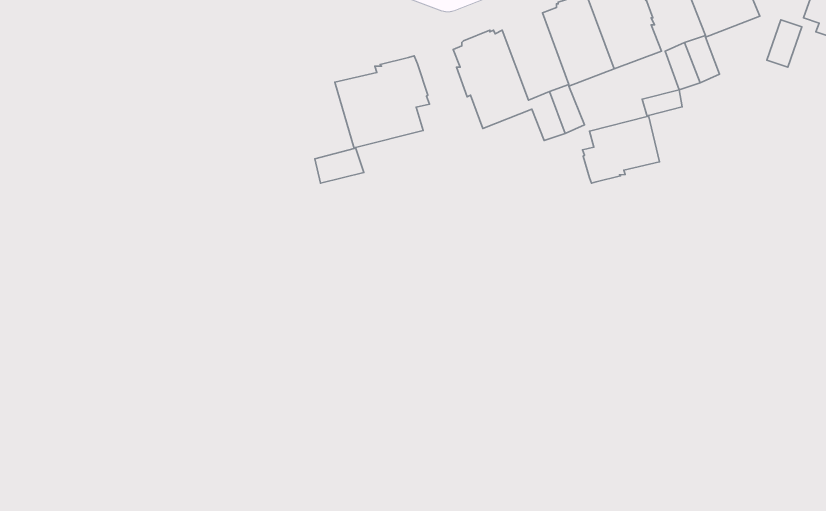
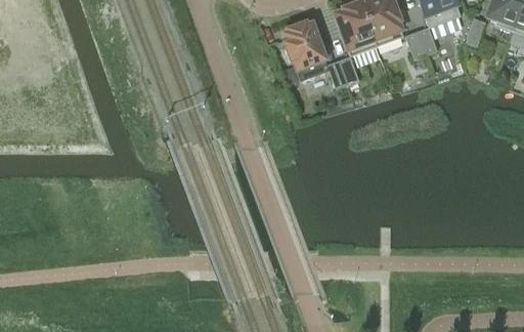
building: [315,56,430,183] -> none
building: [582,90,682,183] -> none

